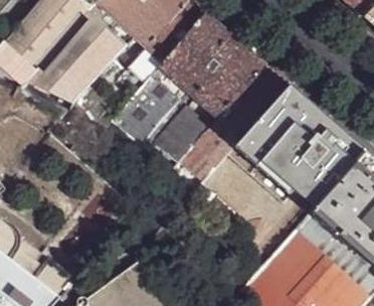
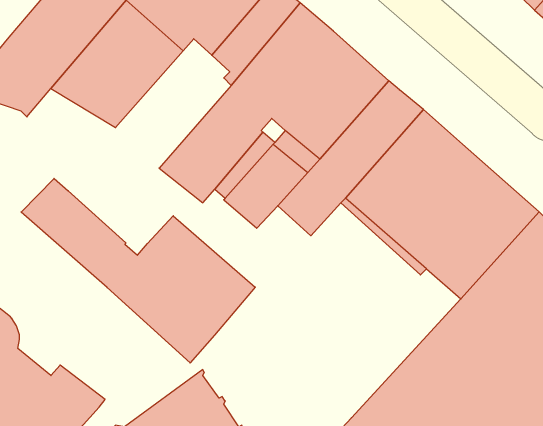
building: none -> [21,178,255,363]

